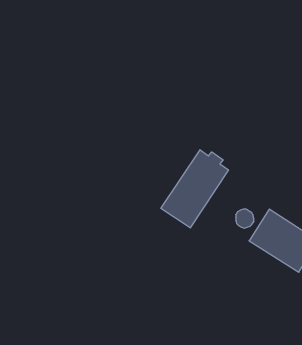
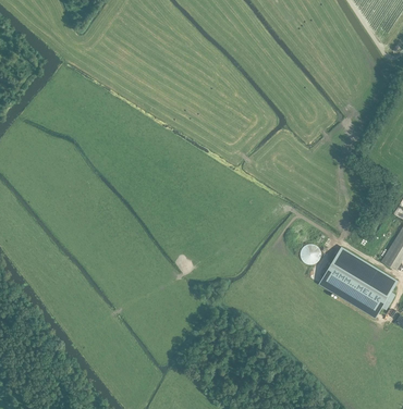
building: [161,150,228,228] -> none

